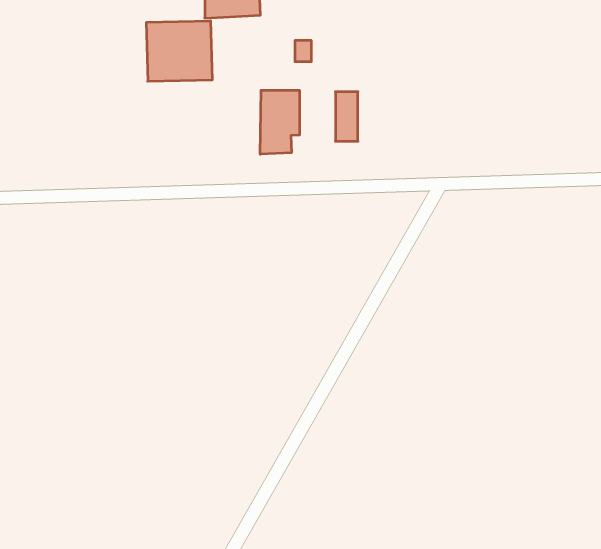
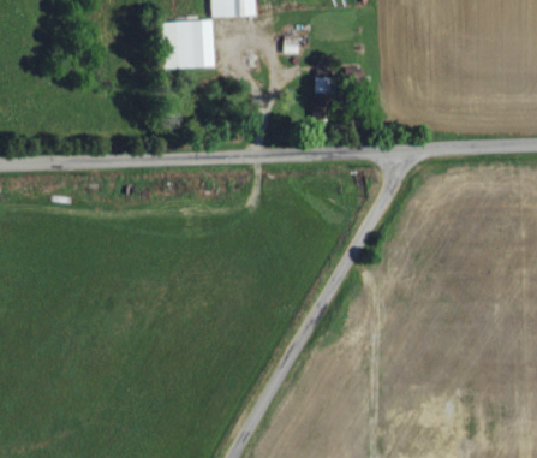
building: [260,90,299,154] -> none

